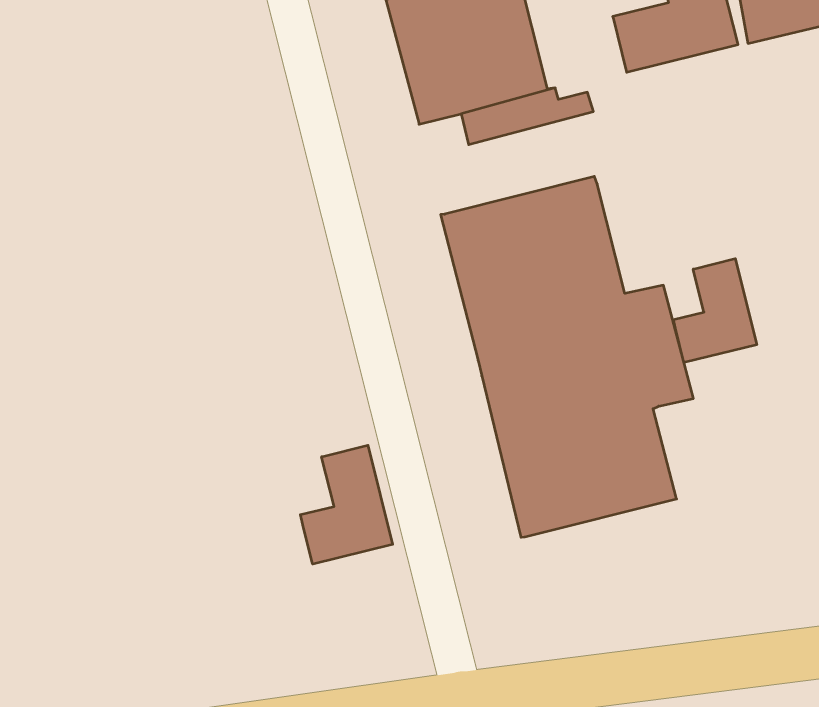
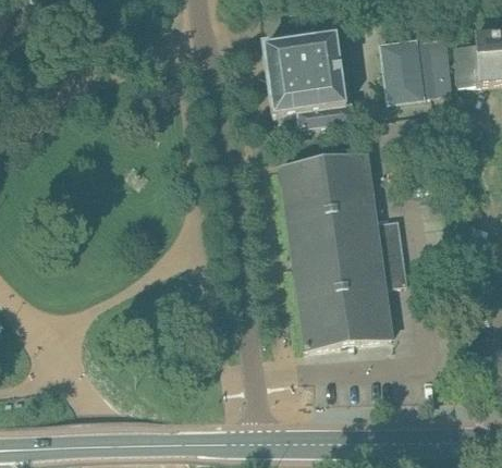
building: [673,259,757,363] -> none
building: [300,445,393,564] -> none

